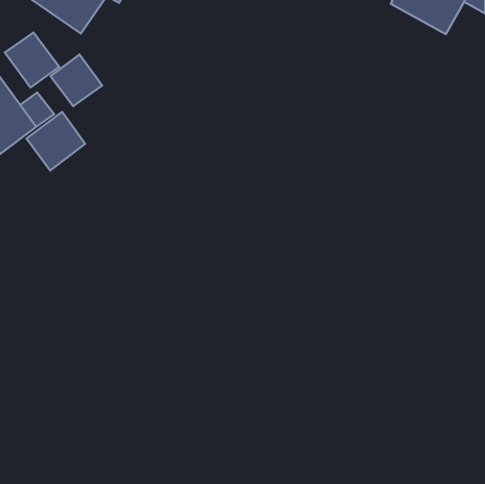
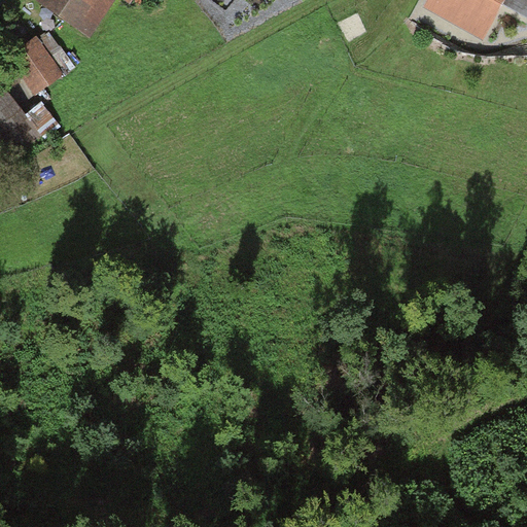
building: [50,55,102,106] -> none
building: [26,112,85,171] -> none

